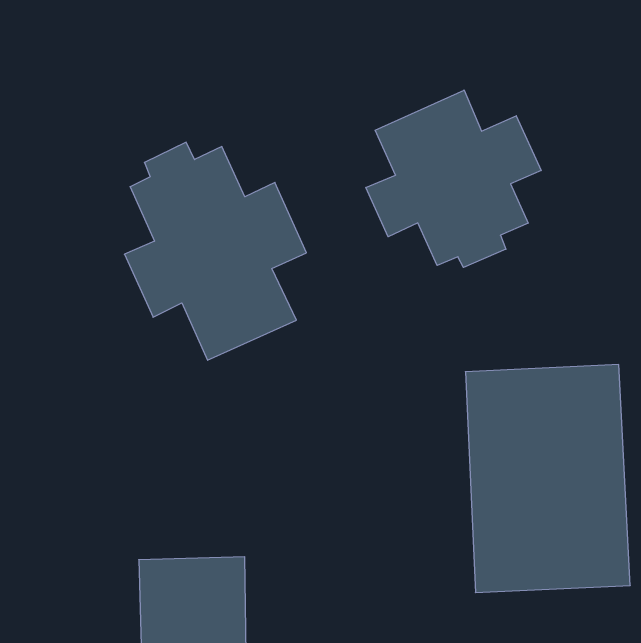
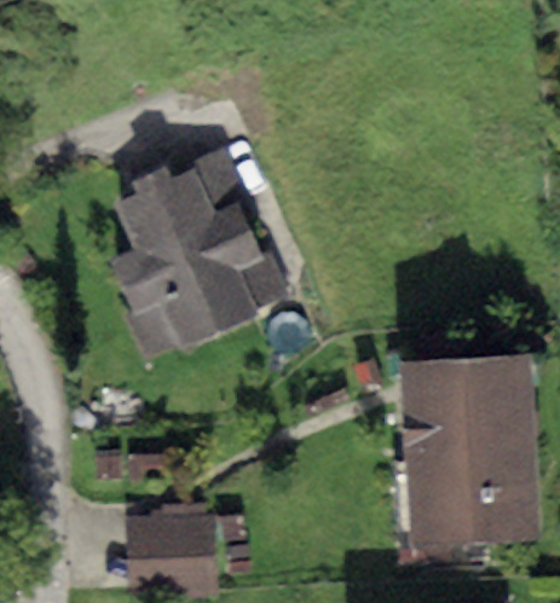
building: [366,90,541,267] -> none

